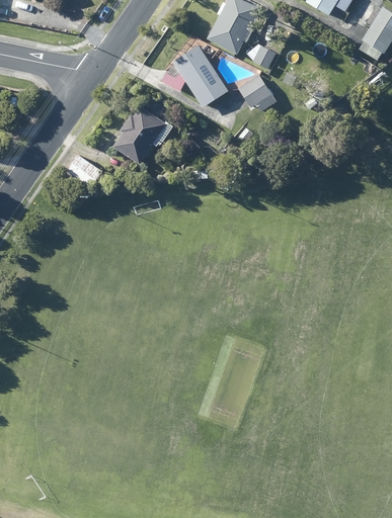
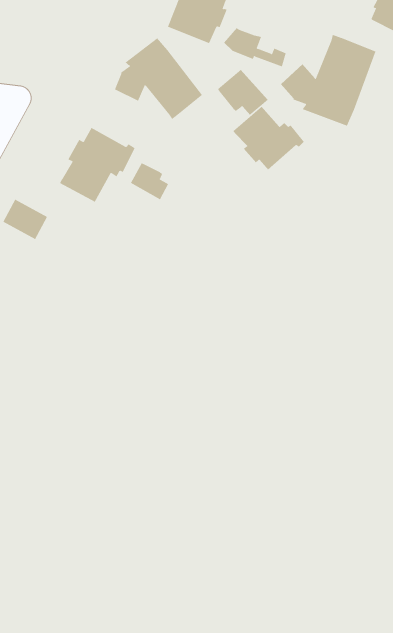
building: none -> [280,34,376,126]
building: none -> [232,106,305,170]
building: none -> [130,162,169,200]

